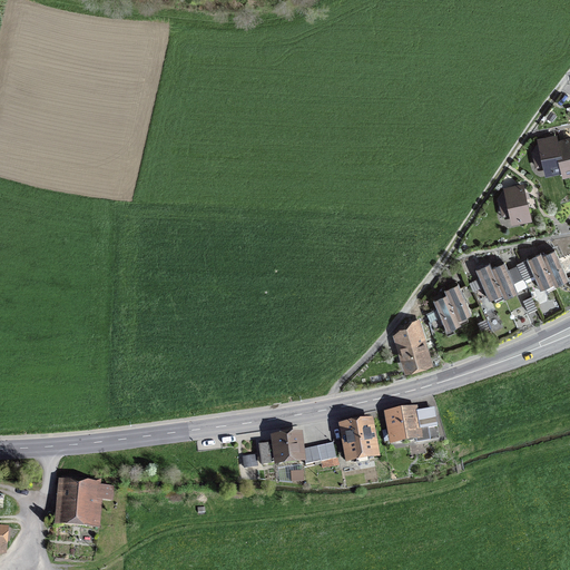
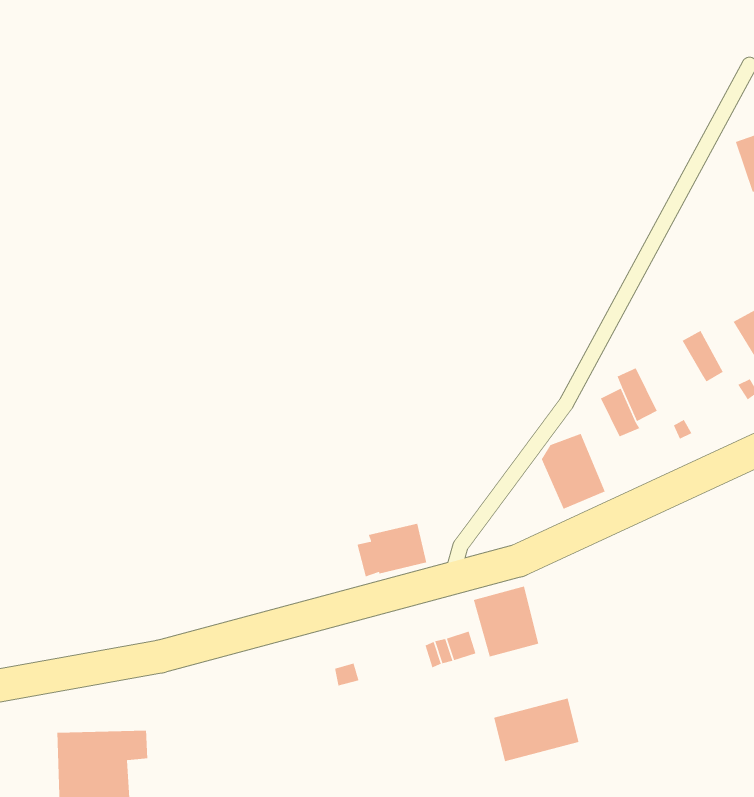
building: [504,187,531,223] -> none
building: [474,261,501,296] -> none
building: [386,405,441,443] -> [493,698,580,762]
building: [257,432,302,464] -> [357,523,427,578]

